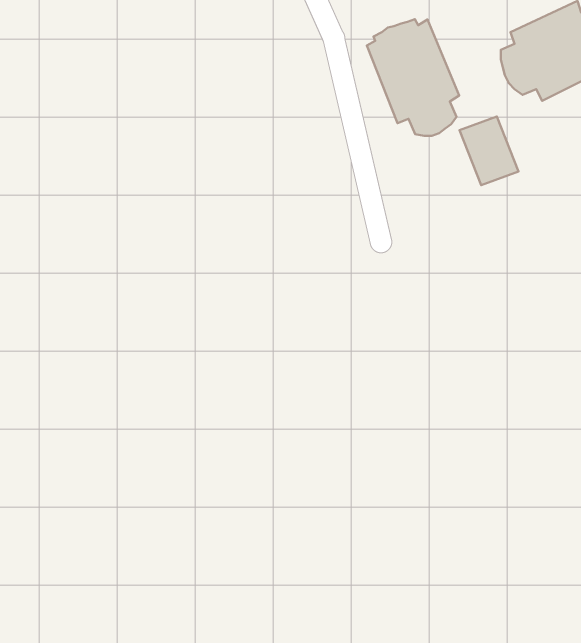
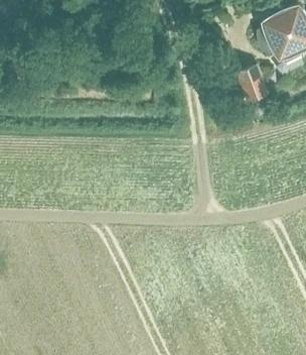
building: [367,19,459,136] -> none

